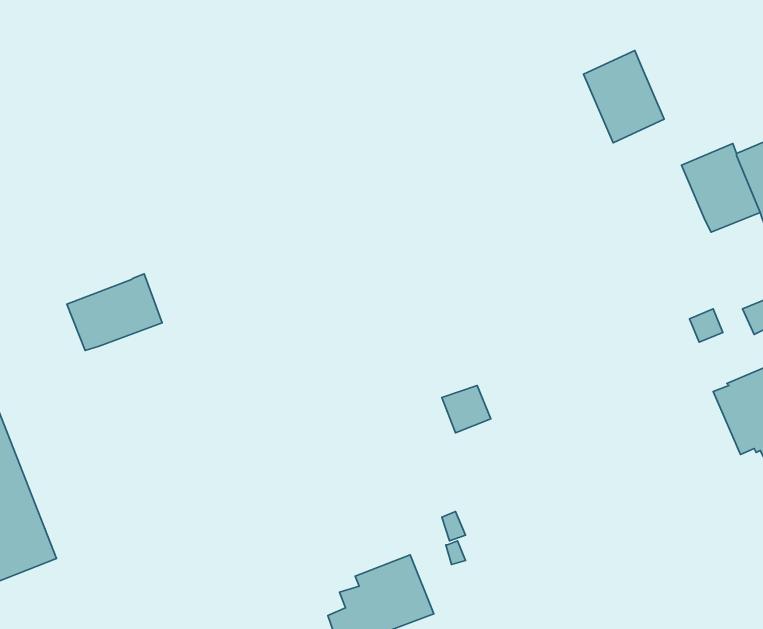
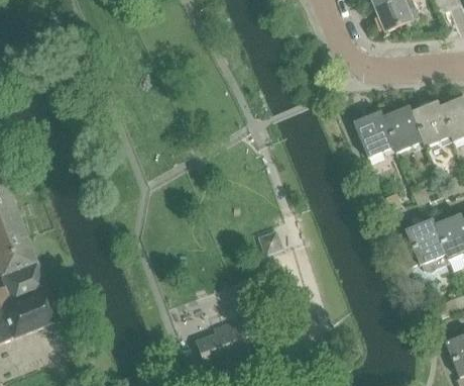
building: [584,50,664,143] -> [352,109,393,157]
building: [67,274,162,351] -> none

